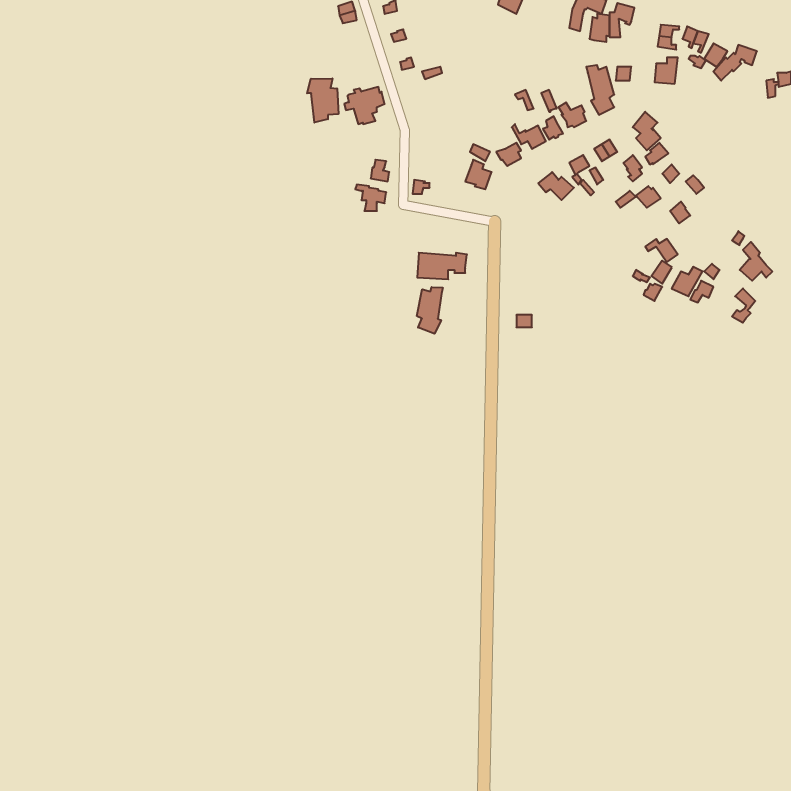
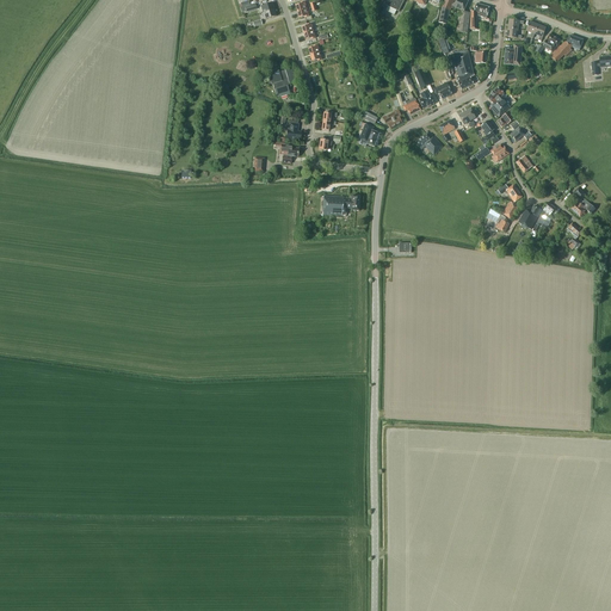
building: [307,78,338,123] -> none
building: [417,287,443,334] -> none

